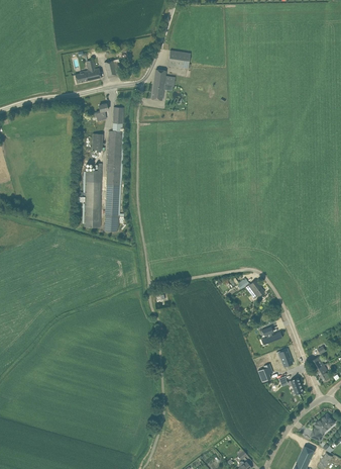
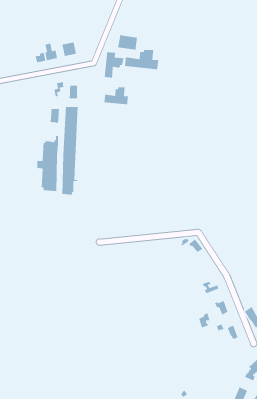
building: none -> [124,49,159,70]
building: none -> [104,86,129,105]

